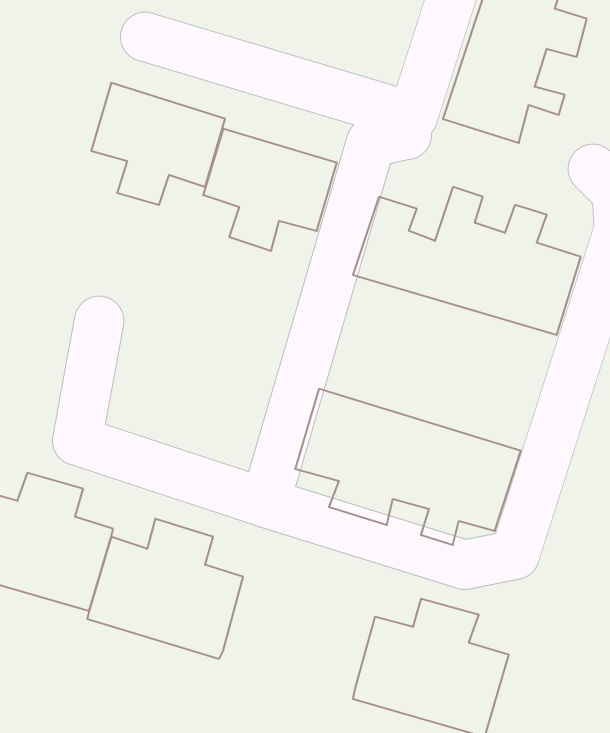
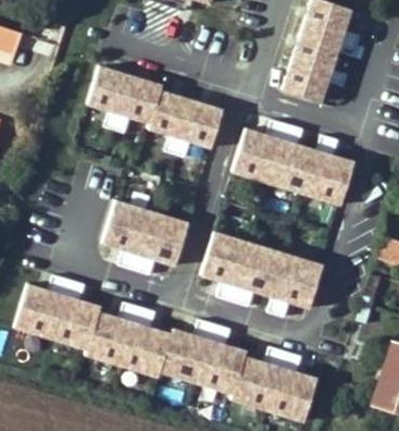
building: none -> [102,200,188,276]
building: none -> [161,320,246,395]

